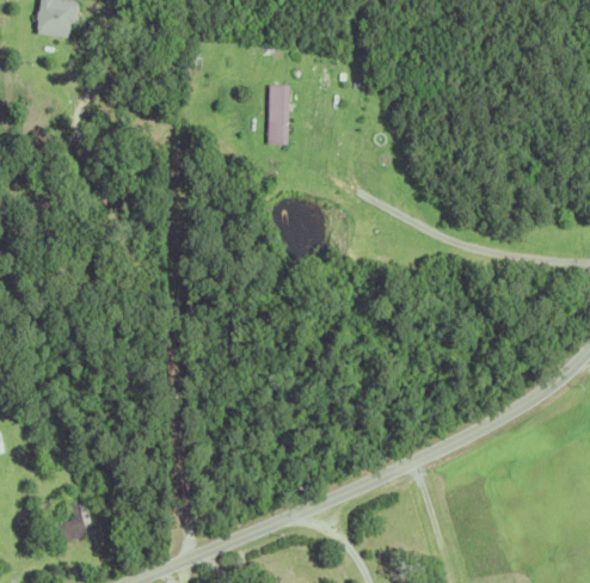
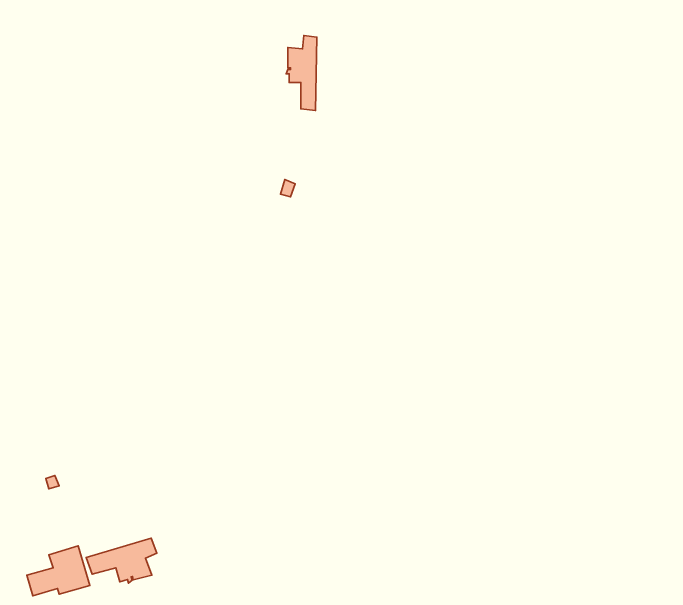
building: none -> [86,538,157,583]

